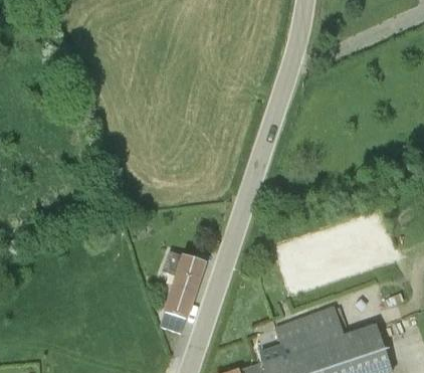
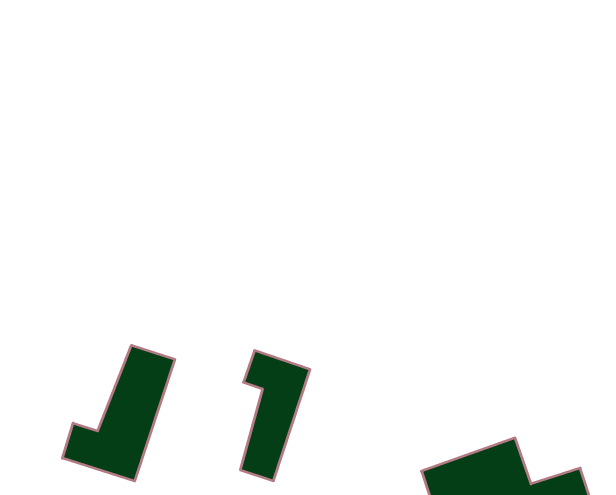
building: none -> [62,345,175,481]

